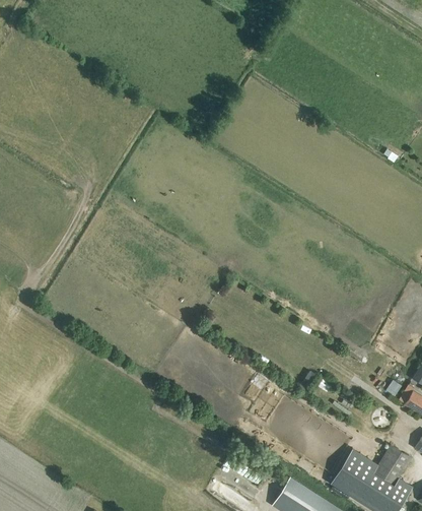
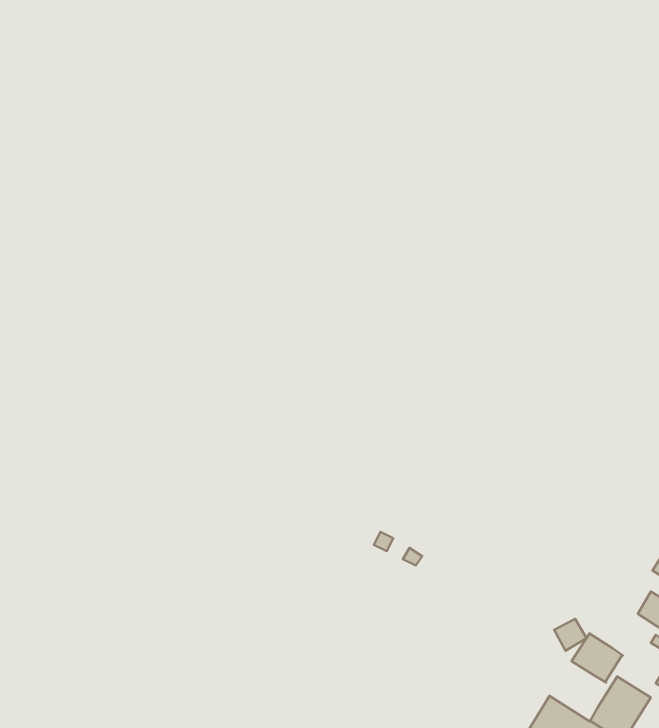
building: none -> [572,633,623,683]

